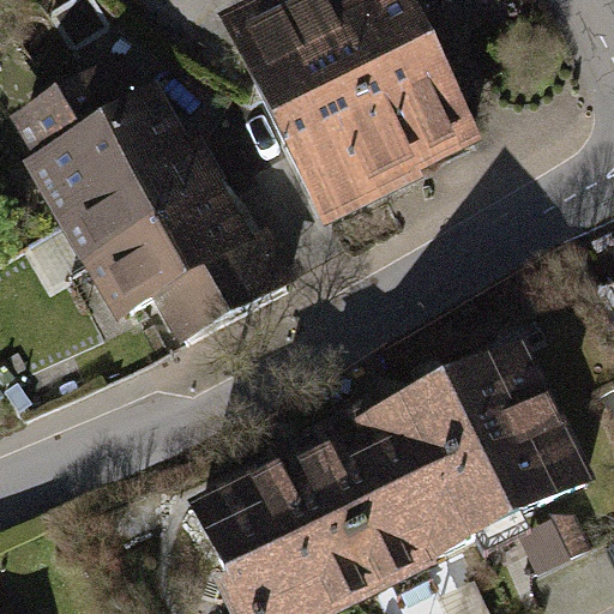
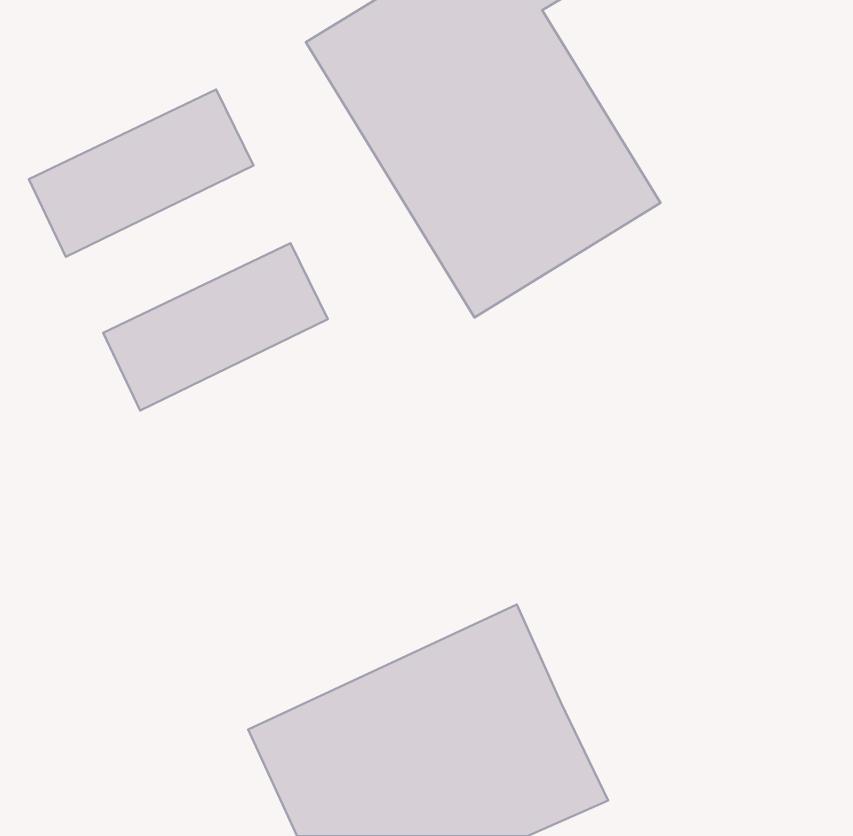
building: [47,118,206,236] -> none
building: [100,227,259,345] -> none
building: [367,365,572,568] -> none

